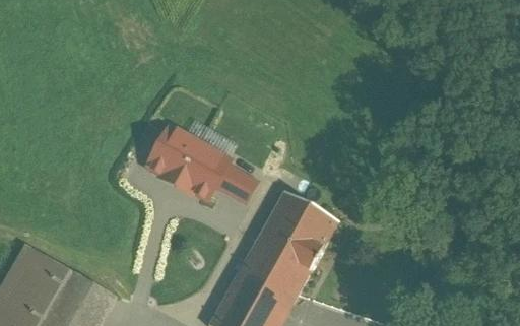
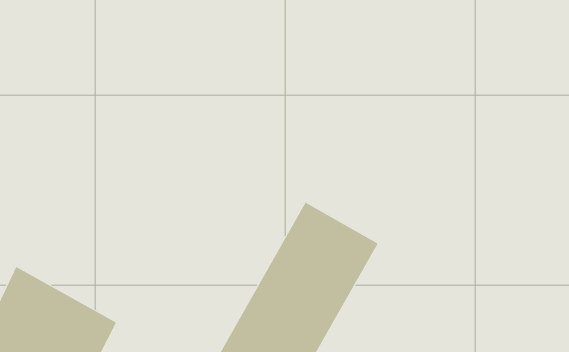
building: [148,122,255,195] -> none

